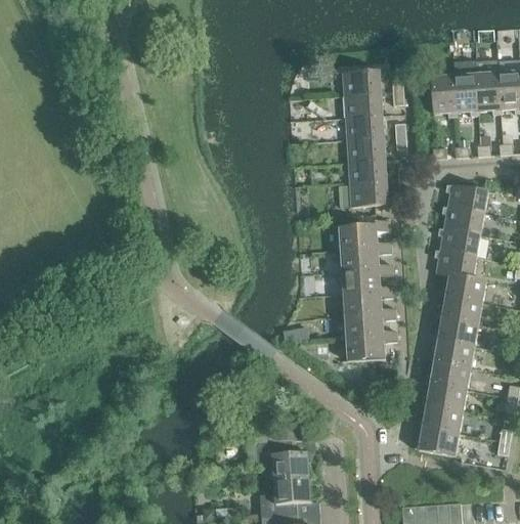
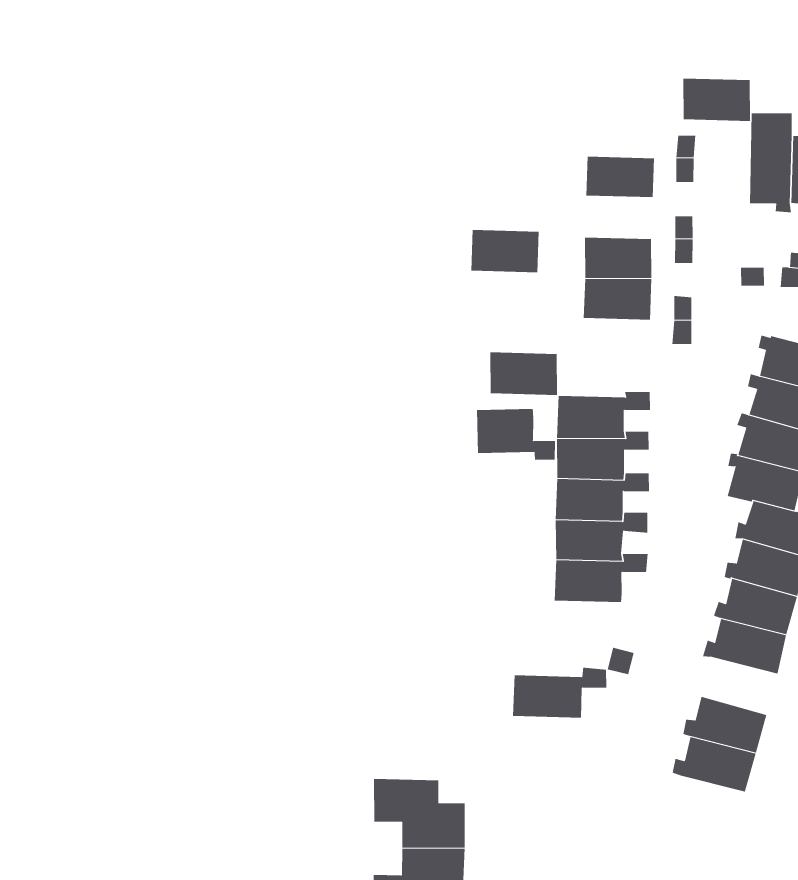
building: [342,71,381,95] -> [683,78,751,121]
building: [345,115,383,139] -> [470,230,540,273]
building: [349,181,388,206] -> [490,352,558,395]
building: none -> [476,408,556,461]
building: [346,331,397,360] -> [512,667,607,718]
building: [425,361,471,390] -> none
building: [414,427,459,455] -> none

